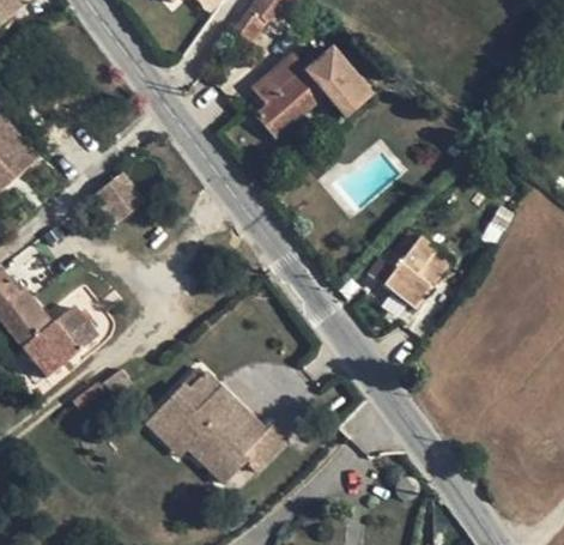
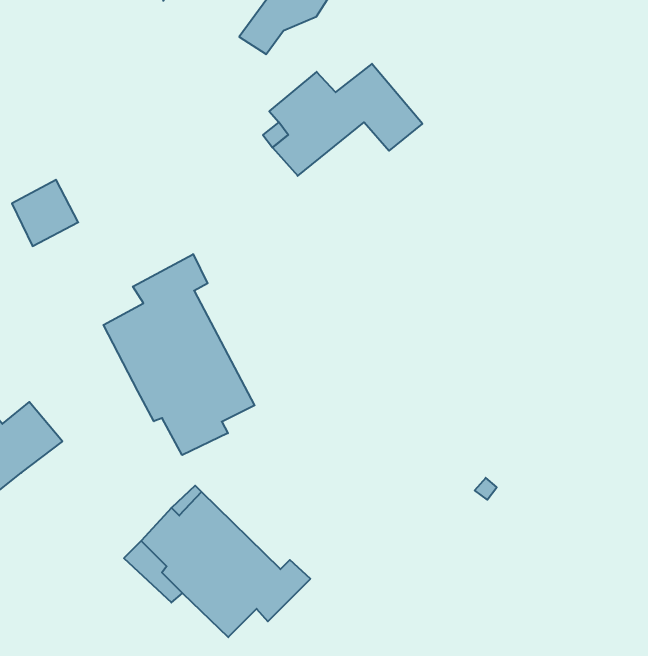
building: [95,172,145,223] -> [12,180,78,246]
building: none -> [103,254,255,455]
building: [383,237,454,309] -> none

